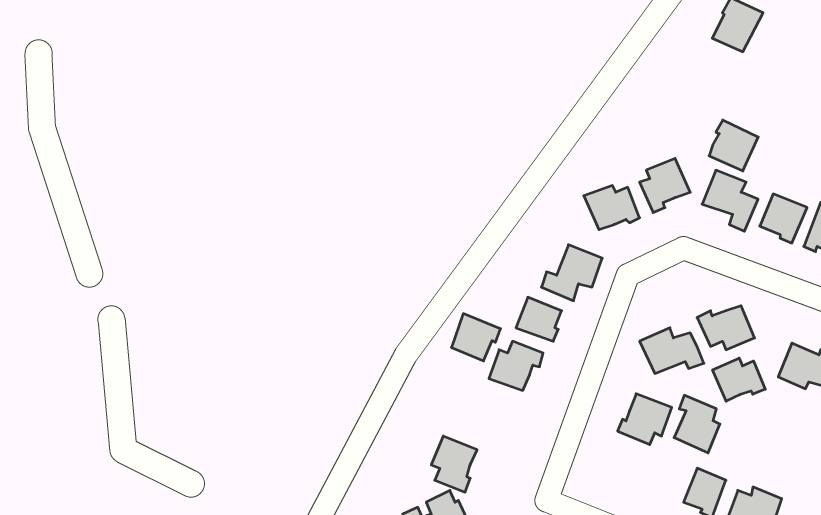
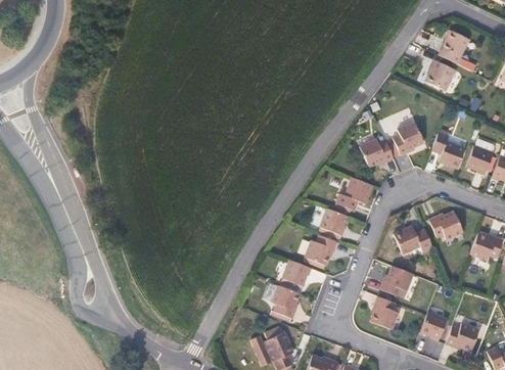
building: [709,120,758,171] -> [425,57,455,88]
building: [451,314,501,361] -> [281,259,311,287]
building: [713,358,765,401] -> none
building: [674,395,720,453] -> [371,296,399,331]

